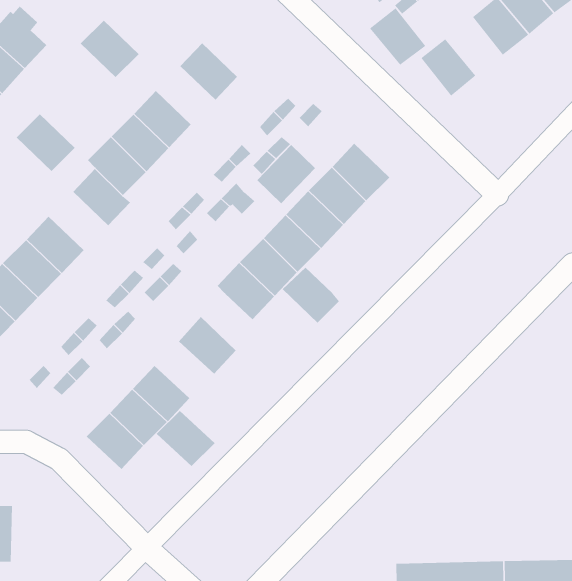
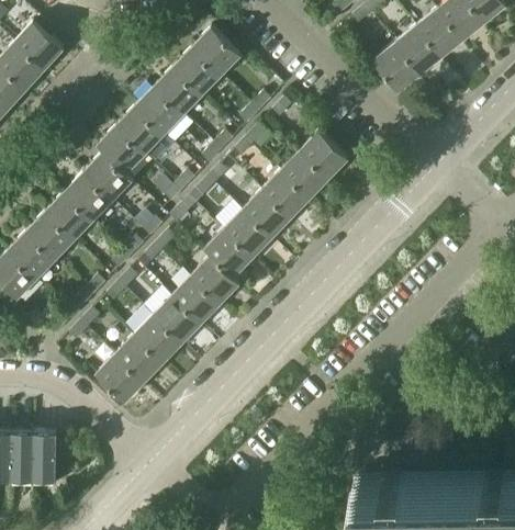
building: [369,7,426,66] -> [392,29,439,77]
building: none -> [190,30,238,78]
building: [80,20,139,78] -> [152,69,201,117]
building: [16,114,75,172] -> [63,173,112,222]
building: [257,144,316,204] -> none
building: [282,267,340,324] -> [189,258,237,305]
building: [156,410,215,467] -> [150,297,200,345]
building: none -> [32,433,55,482]

